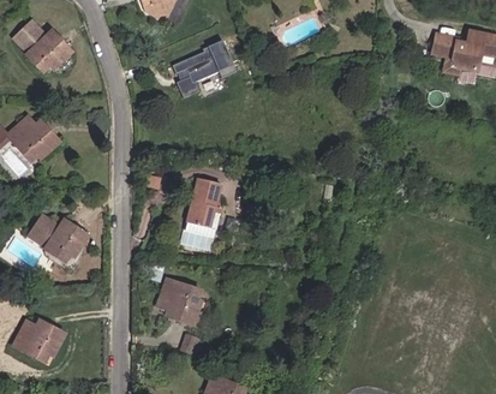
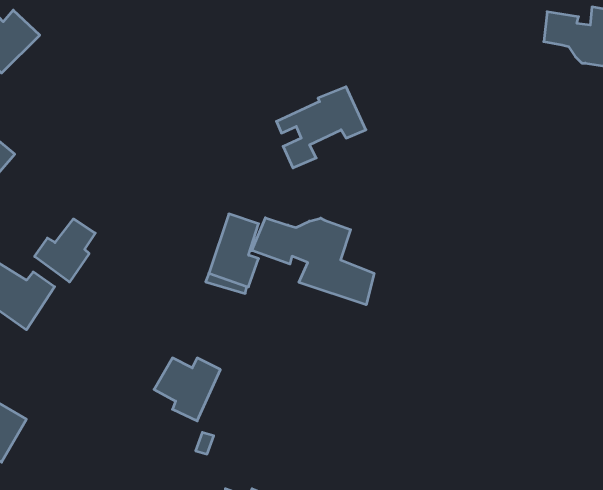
building: [172,38,237,97] -> [276,87,366,168]
building: none -> [252,218,374,305]
building: none -> [35,219,95,282]

